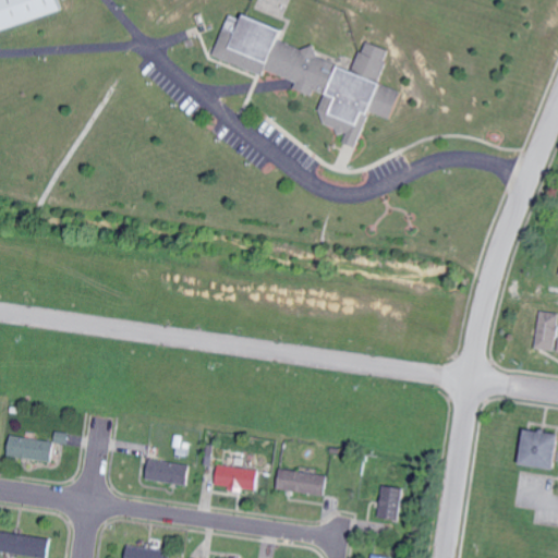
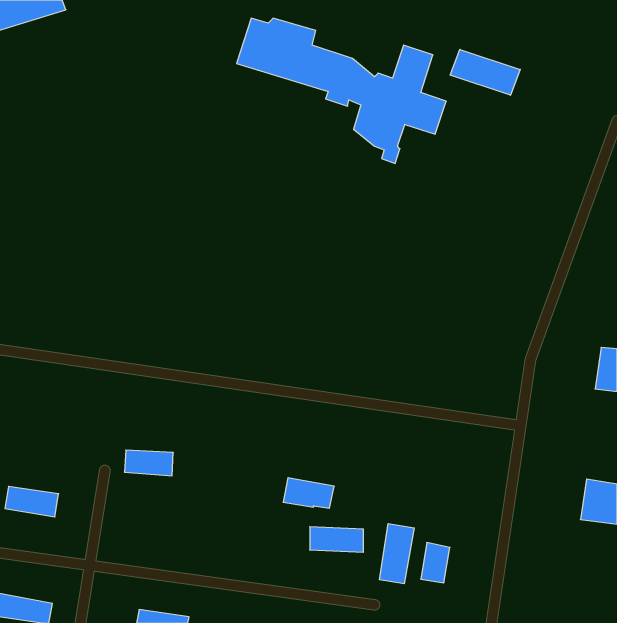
building: none -> [450,49,520,95]
building: [144,461,187,484] -> [124,450,173,476]
building: [211,463,257,490] -> [283,478,334,508]
building: none -> [380,524,414,584]

